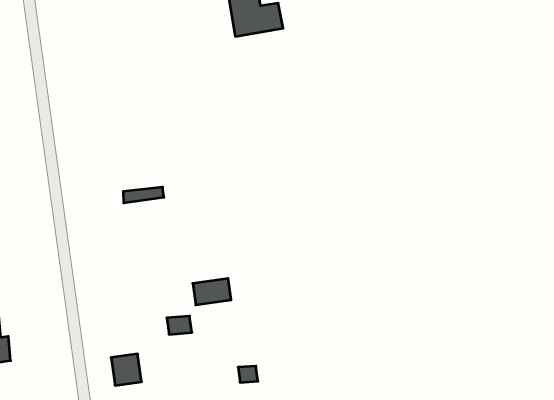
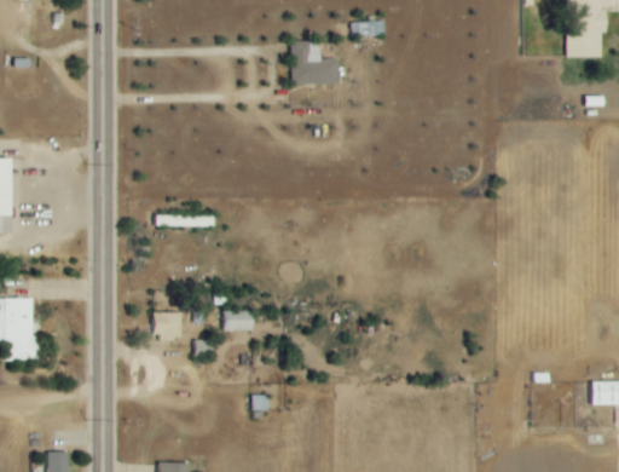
building: [111,354,142,385] -> [156,313,181,340]

